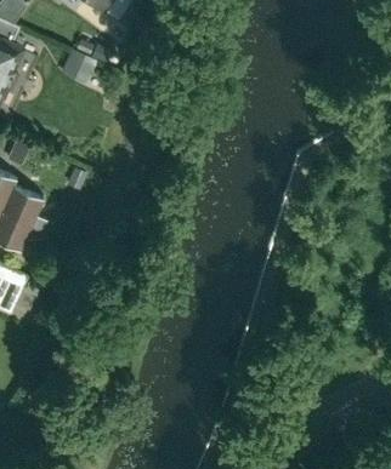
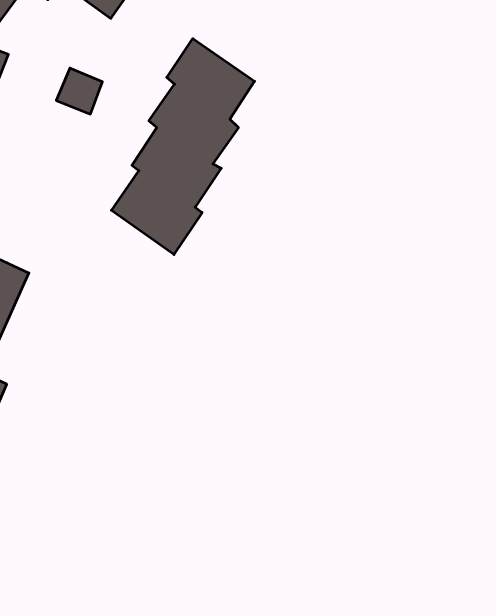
building: none -> [111,39,255,255]

